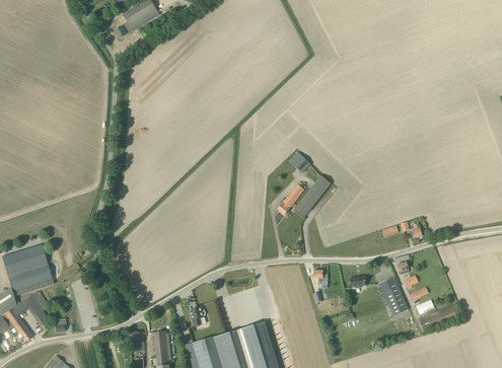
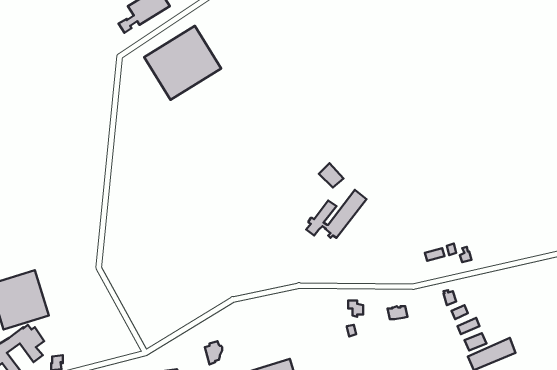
building: none -> [144,26,221,100]
building: [379,276,409,314] -> none

